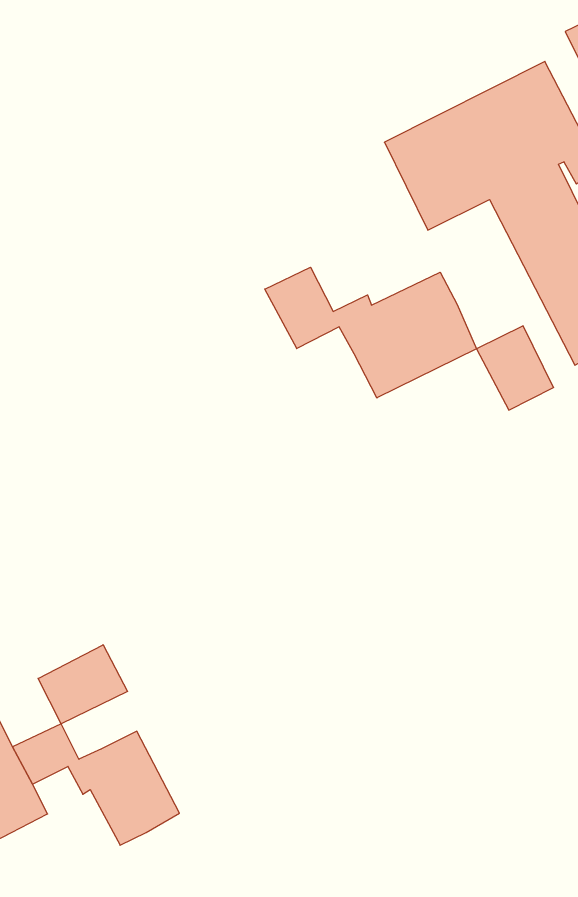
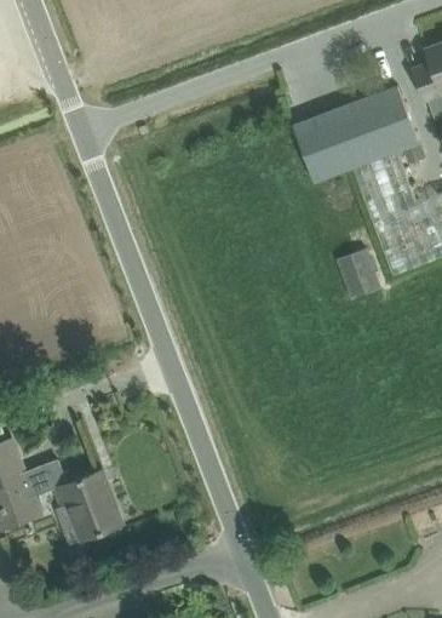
building: [265,267,476,398] -> none
building: [38,645,128,724] -> none

